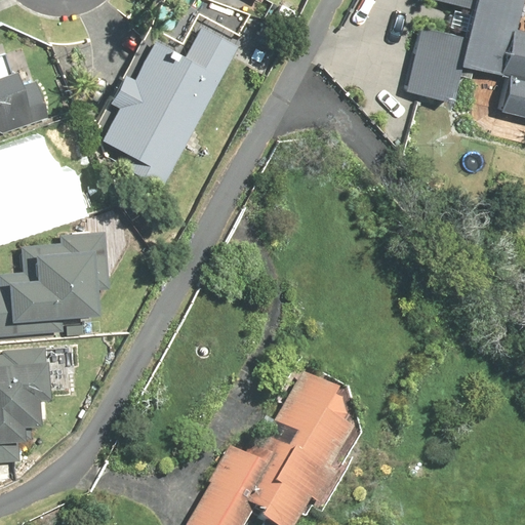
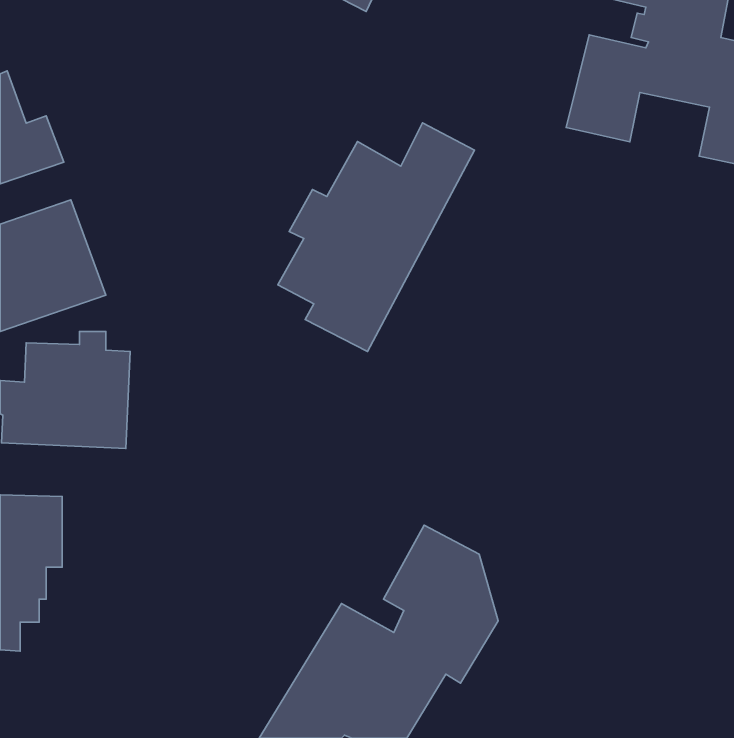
building: [99,26,239,188] -> [278,123,475,351]

